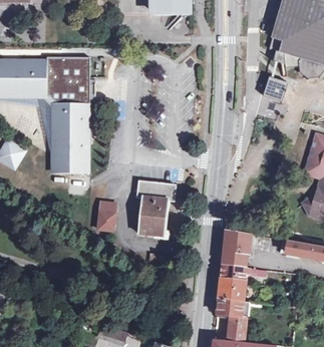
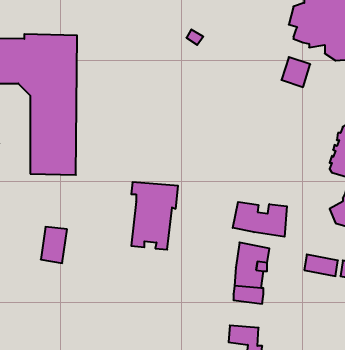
building: none -> [233,202,287,237]
building: [94,200,116,230] -> [41,227,67,263]
building: [218,278,245,301] -> none

